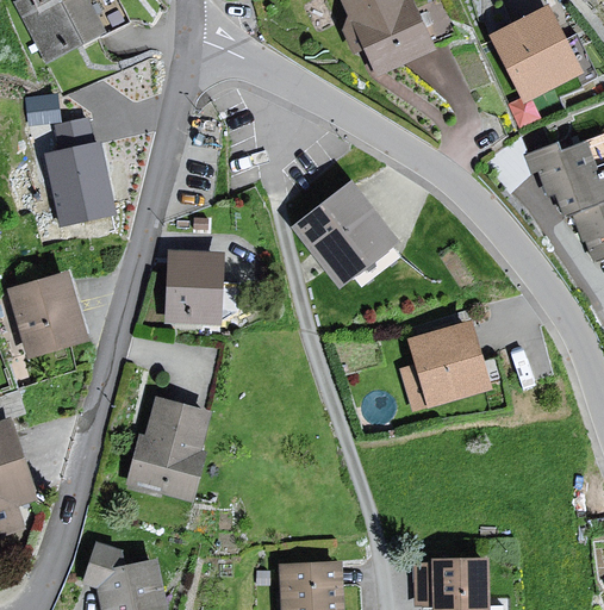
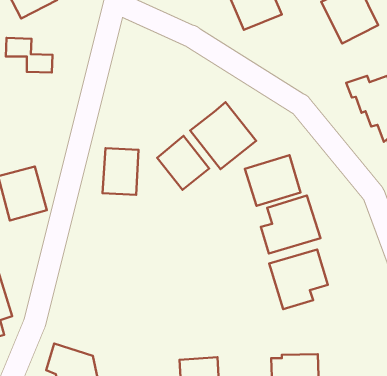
building: [46,148,111,223] -> none
building: none -> [157,136,209,190]
building: none -> [245,155,301,206]
building: [126,398,207,499] -> none
building: none -> [269,250,328,309]

